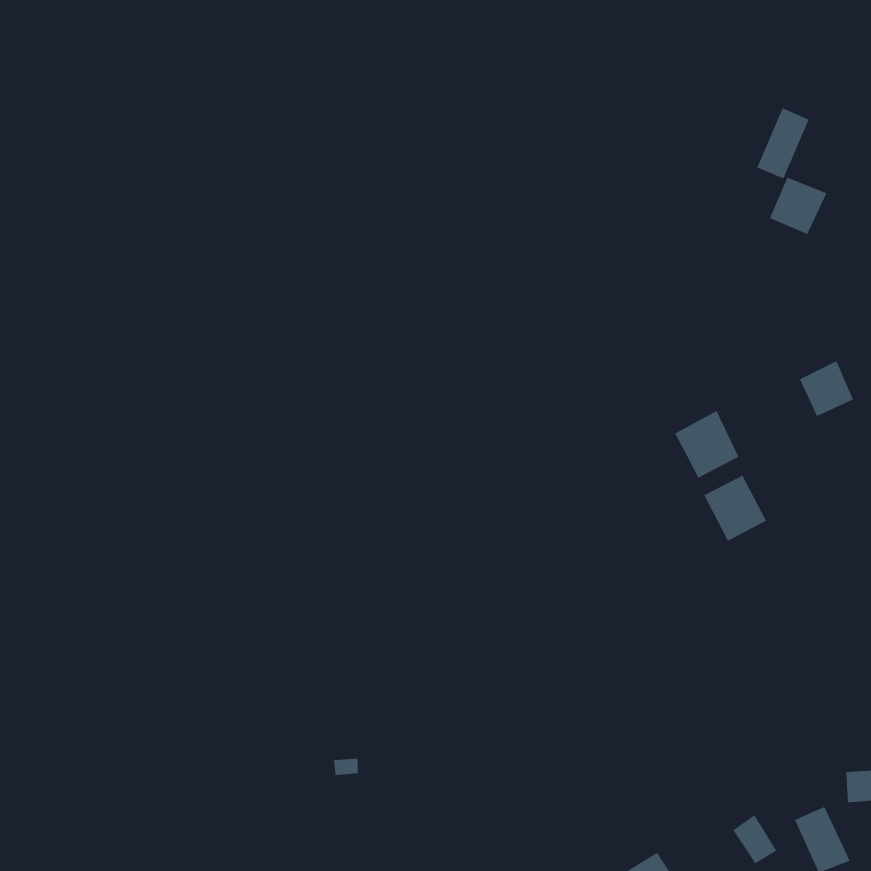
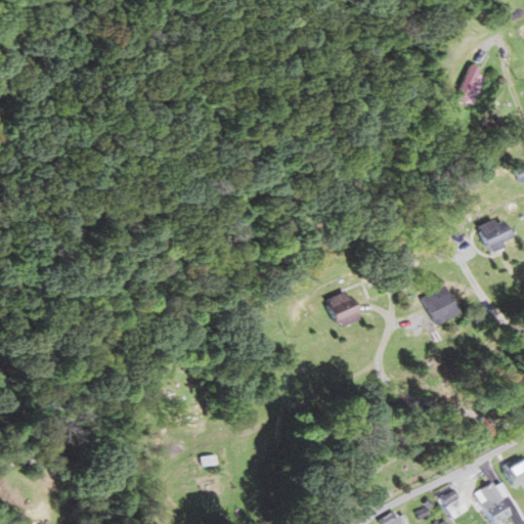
building: [769,177,827,235] -> none
building: [675,410,739,479] -> none
building: none -> [325,290,361,329]

